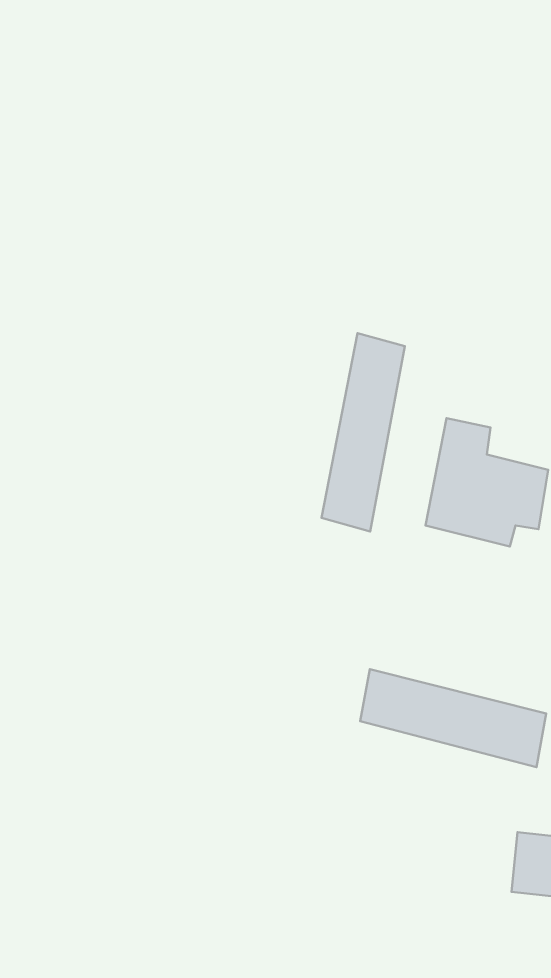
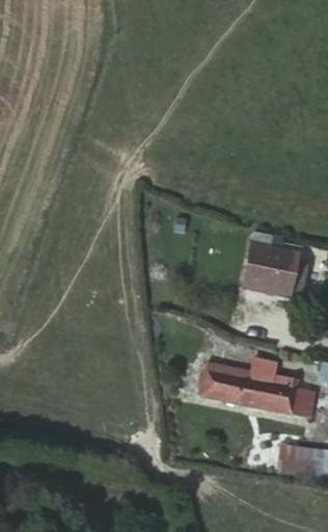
building: [321,333,405,531] -> none

